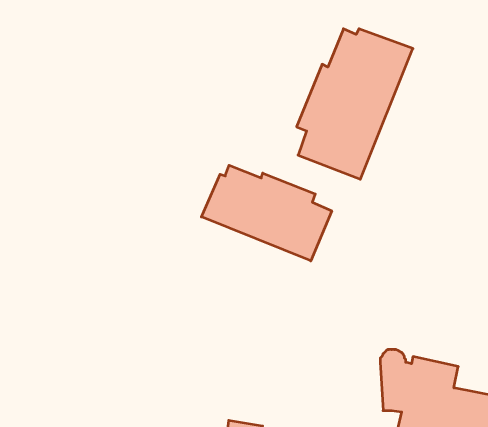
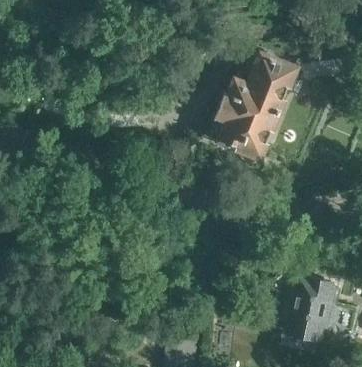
building: [201,165,332,261] -> none

